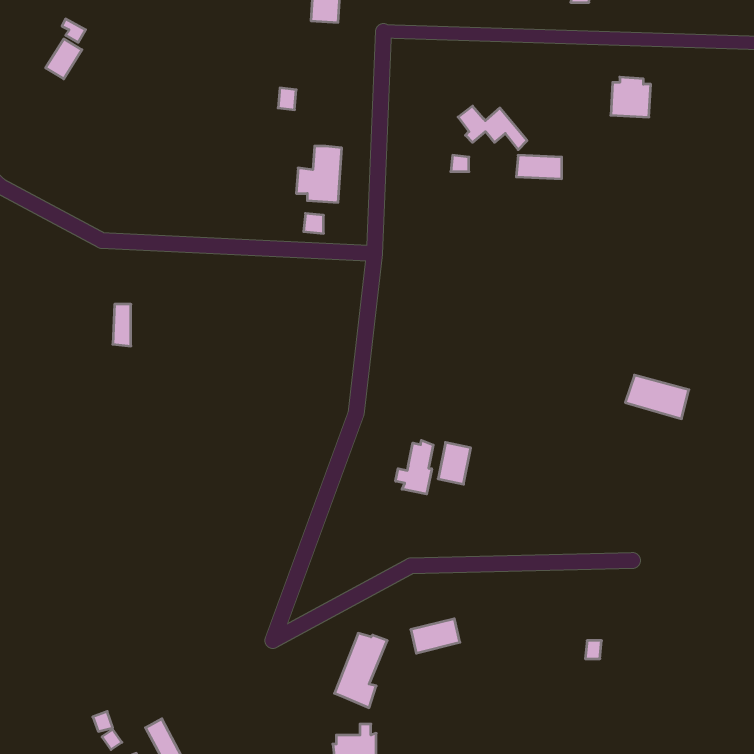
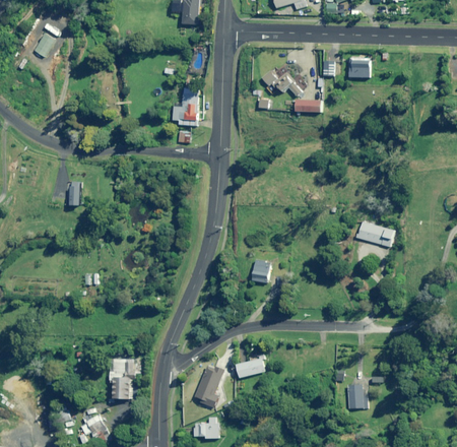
building: [396,440,433,494] -> none
building: none -> [113,352,135,398]
building: none -> [346,384,365,407]

